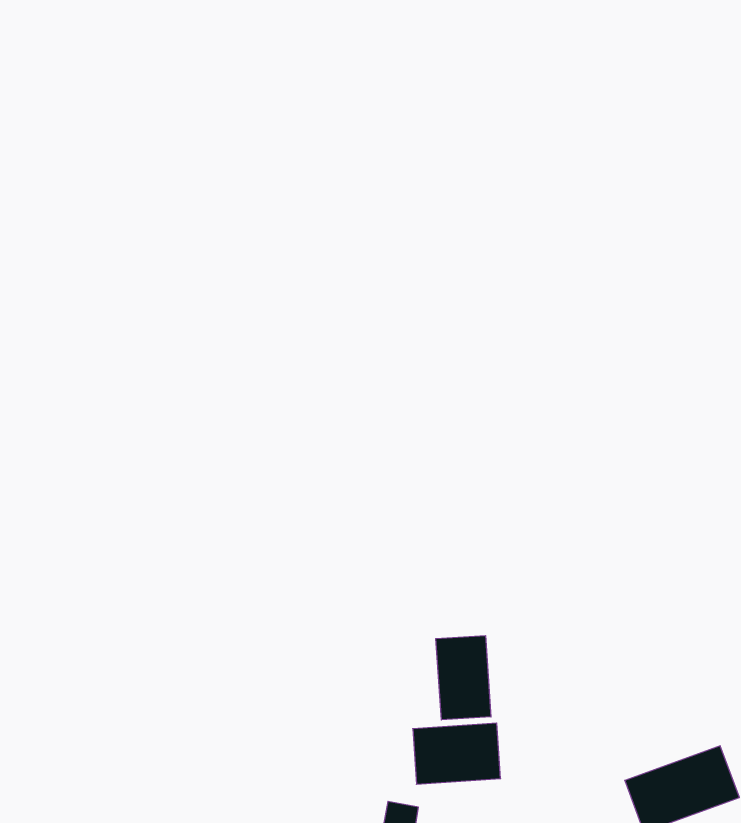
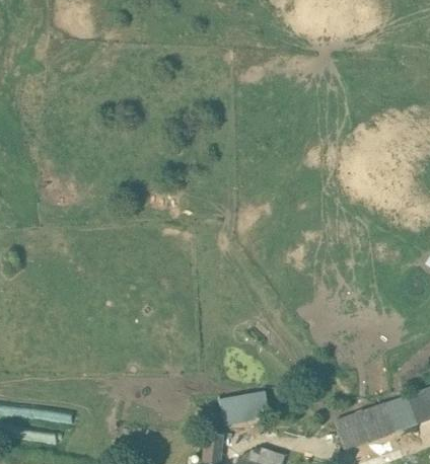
building: [436,636,491,720] -> none

